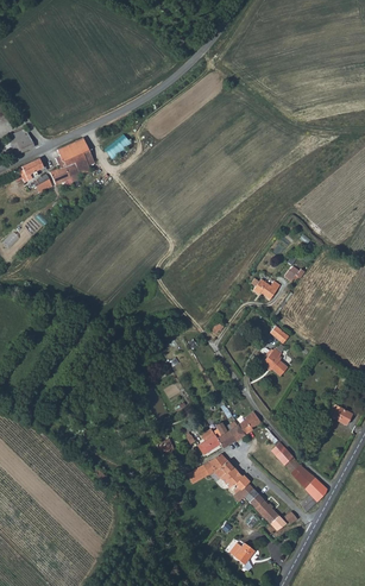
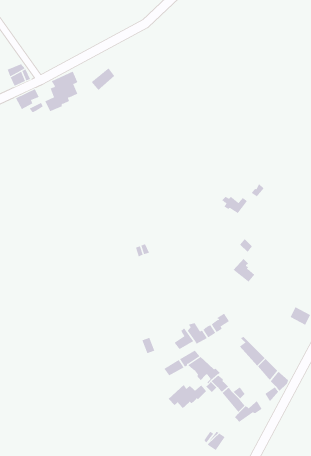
building: none -> [168,384,207,409]

